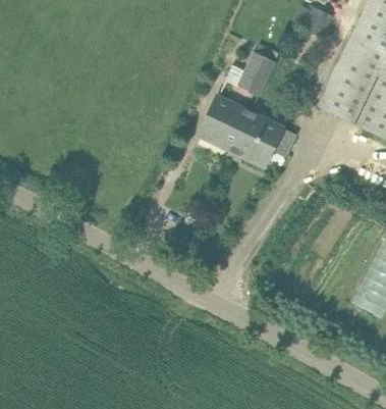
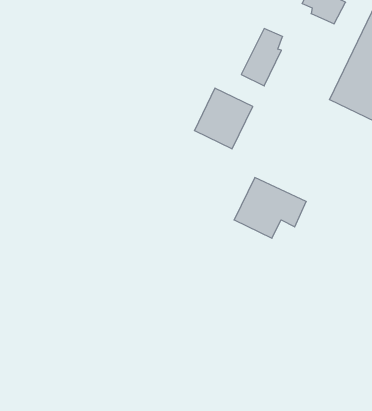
building: [232,111,296,165] -> [234,178,306,238]

